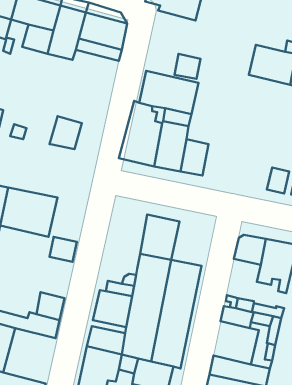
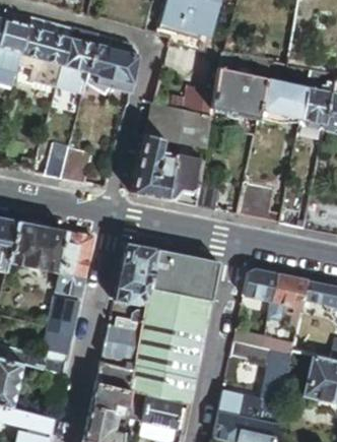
building: none -> [209,49,270,118]
building: none -> [234,181,273,222]
building: none -> [57,232,93,276]
building: none -> [114,243,156,304]
building: none -> [181,256,219,301]
building: none -> [49,297,80,333]

